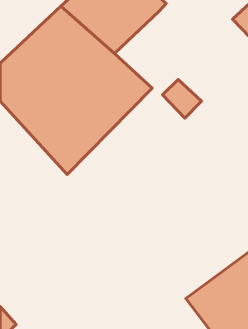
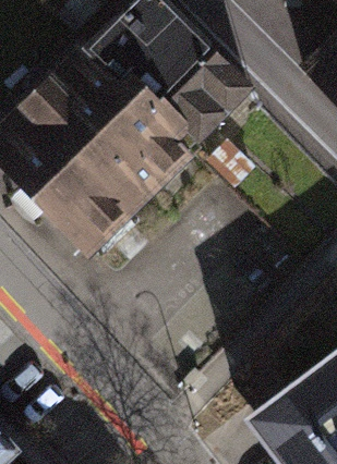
building: none -> [149,54,249,151]

